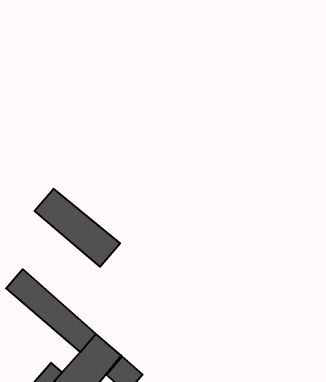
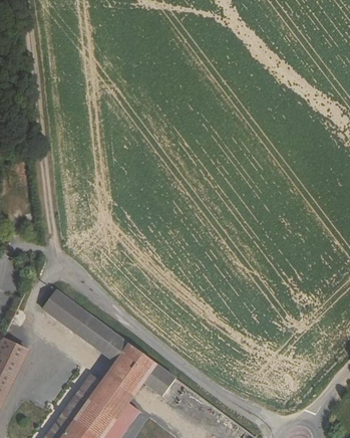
building: [35,189,120,267] -> none

